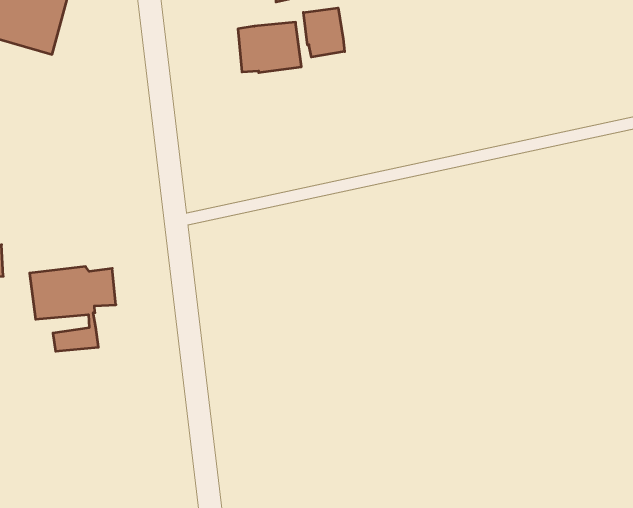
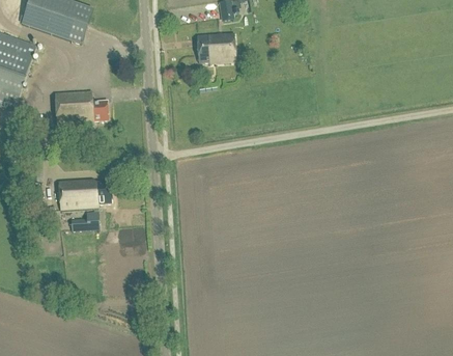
building: [303,8,345,57] -> none
building: none -> [55,90,108,125]

